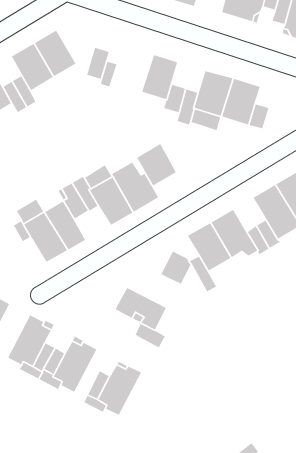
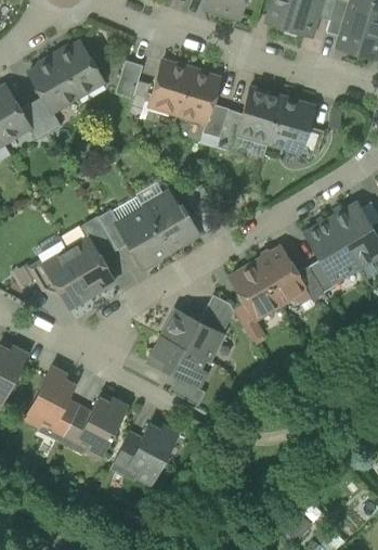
building: none -> [149,61,192,113]
building: [136,143,177,186] -> none
building: none -> [162,309,223,360]

